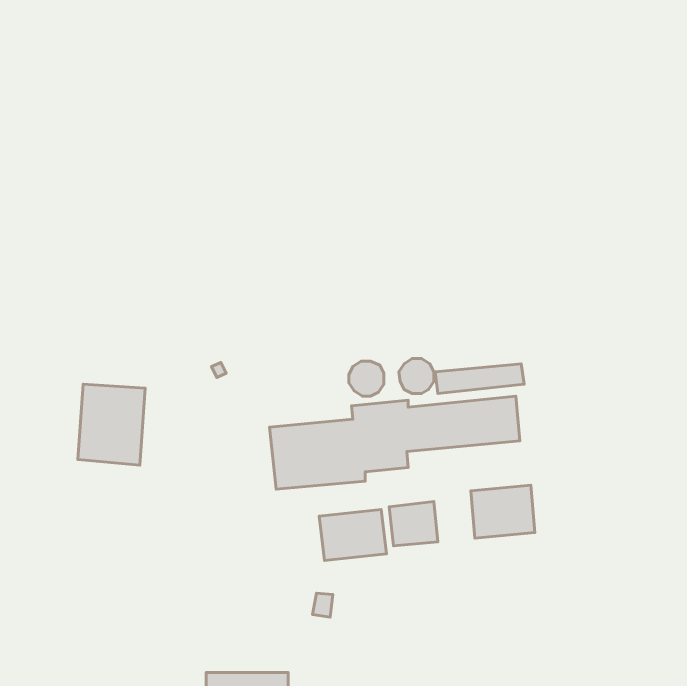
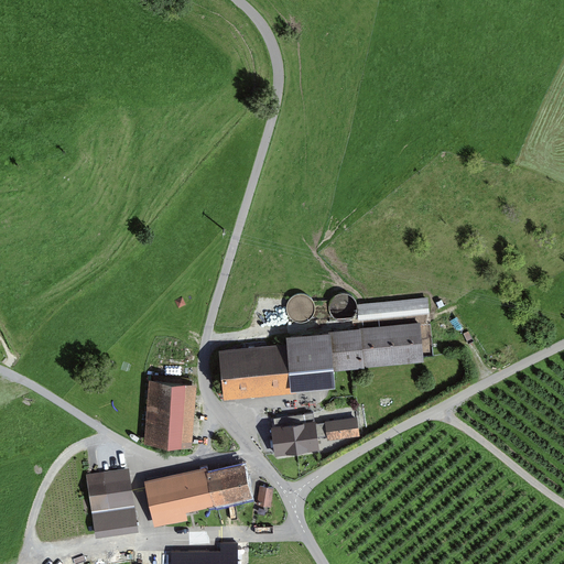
building: [78,384,145,465] -> [141,378,196,444]
building: [471,485,535,538] -> none
building: none -> [143,463,251,525]
building: none -> [85,468,138,536]

